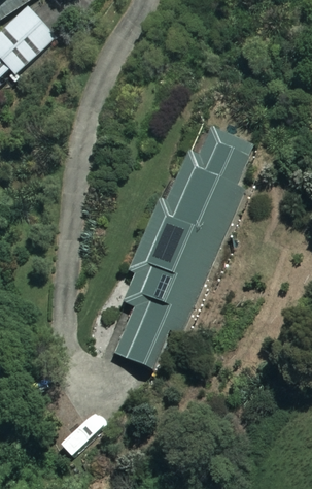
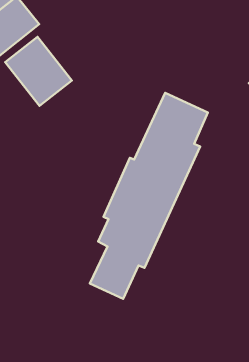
building: none -> [5,37,72,106]

